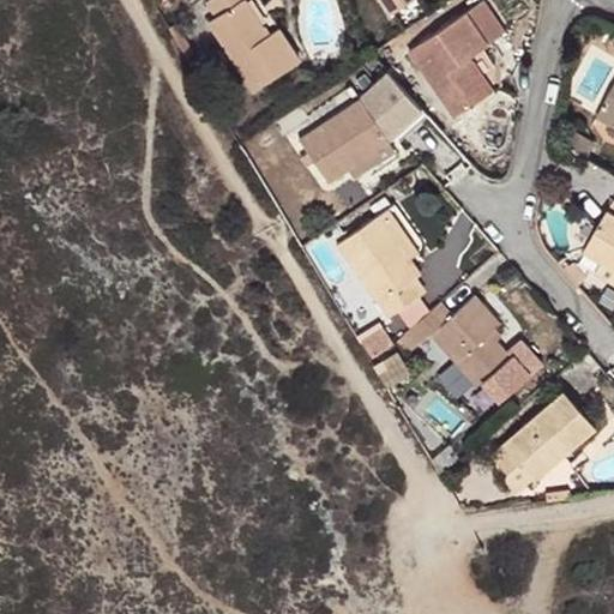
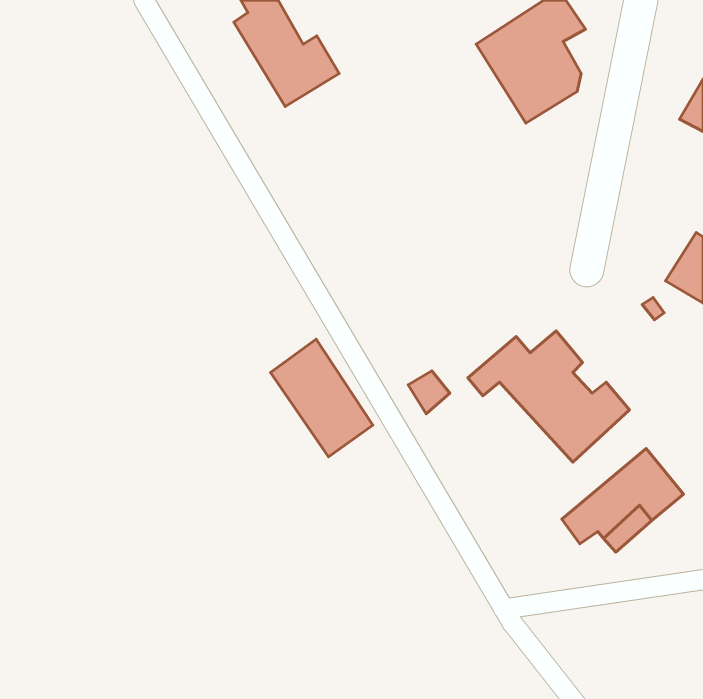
building: [296,76,429,186] -> none
building: [342,216,431,318] -> [270,339,373,457]

